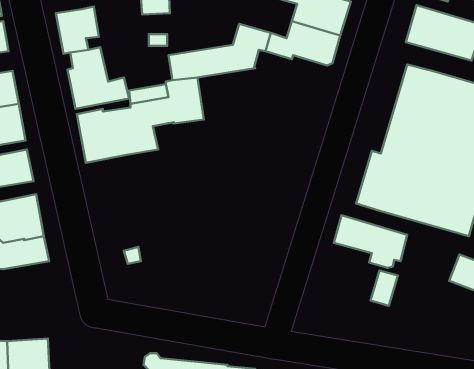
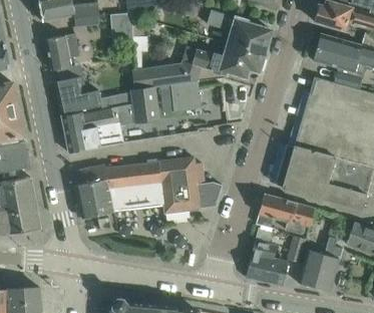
building: none -> [160,80,201,111]
building: none -> [76,156,223,218]
building: none -> [247,227,288,283]
building: none -> [299,235,343,291]

